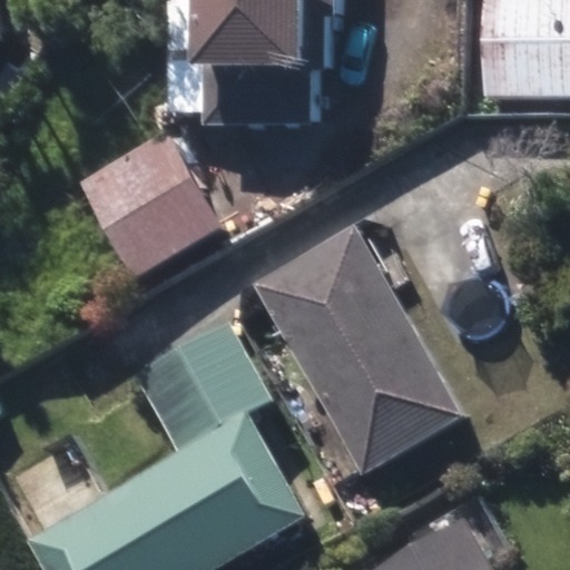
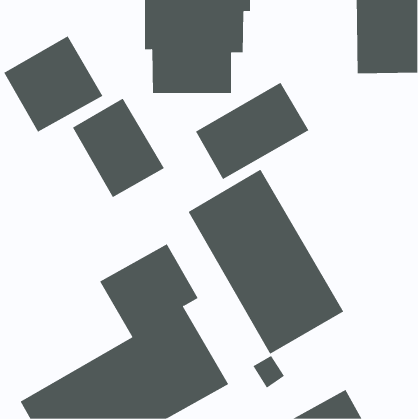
building: none -> [4,35,103,133]
building: none -> [195,82,309,180]

